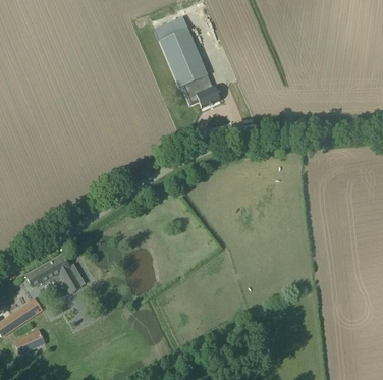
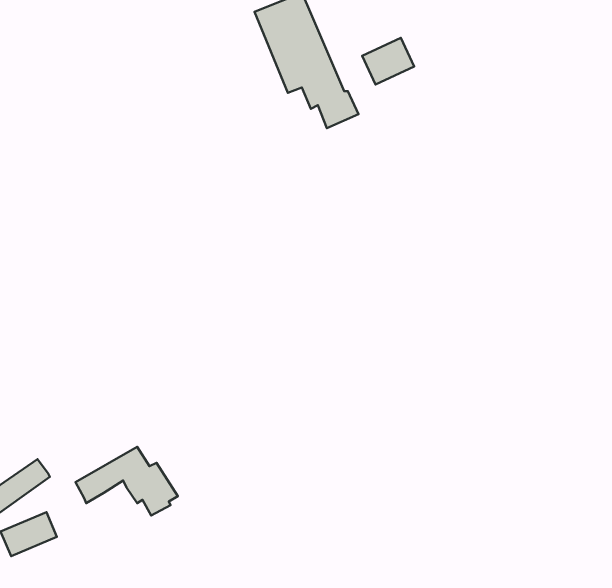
building: none -> [362,38,414,85]
building: [25,254,85,293] -> [75,447,178,516]

